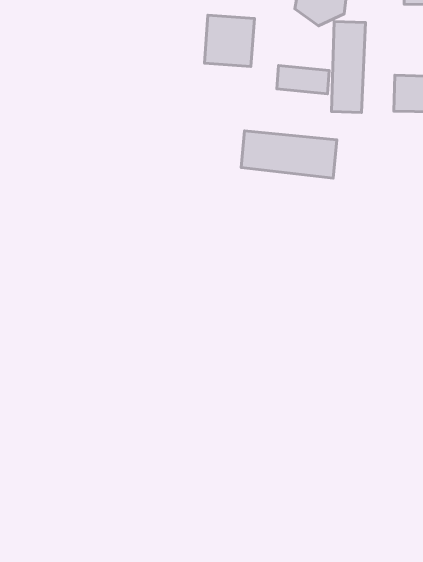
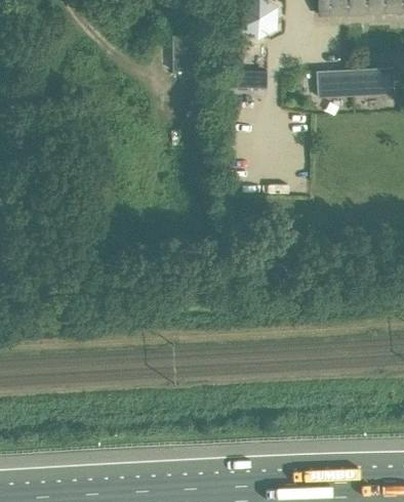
building: [331,22,365,113] -> none
building: [241,131,337,178] -> none

